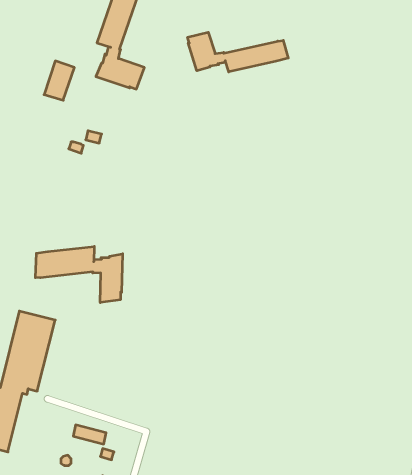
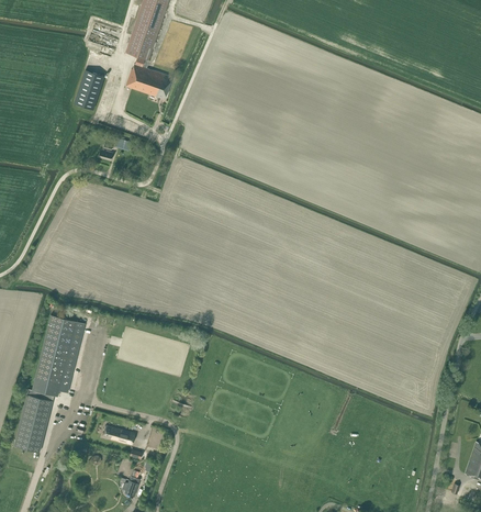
building: [188,32,288,72] -> none
building: [35,246,123,303] -> none

